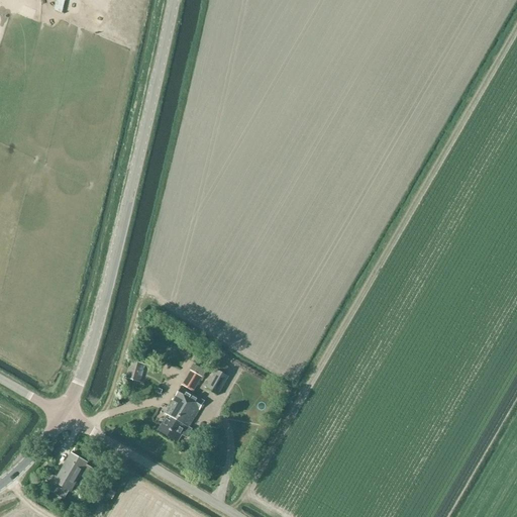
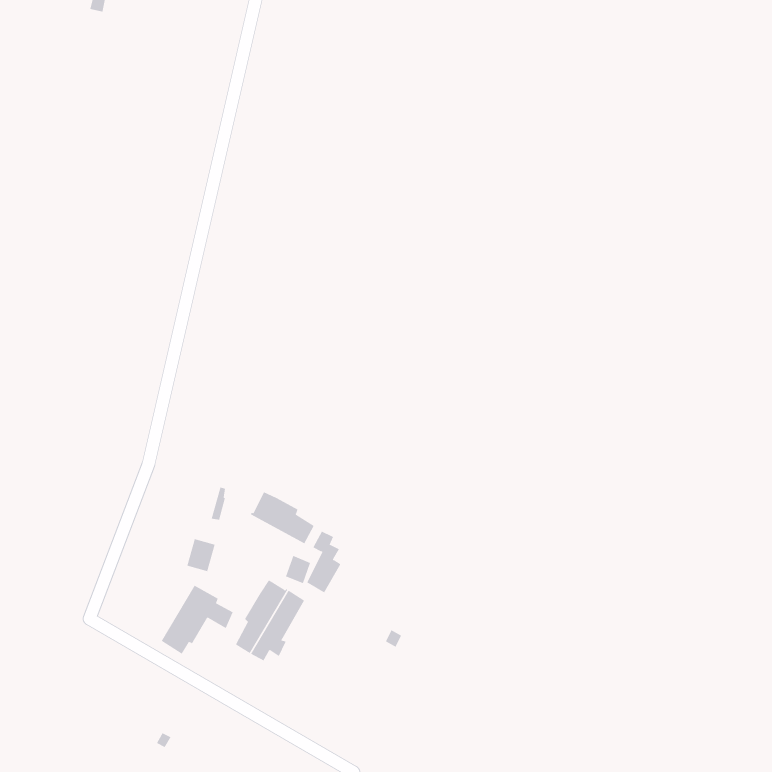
building: none -> [250,492,314,544]
building: [47,451,96,498] -> [161,585,234,655]

